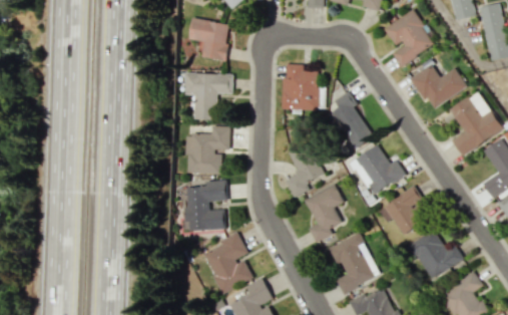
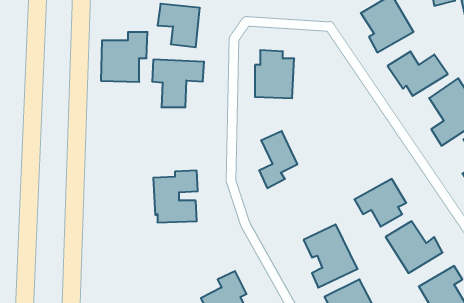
building: [326,90,374,148] -> none
building: [184,125,229,174] -> [101,32,148,82]
building: [351,143,406,196] -> none
building: [305,184,343,242] -> none
building: [201,234,253,293] -> none

